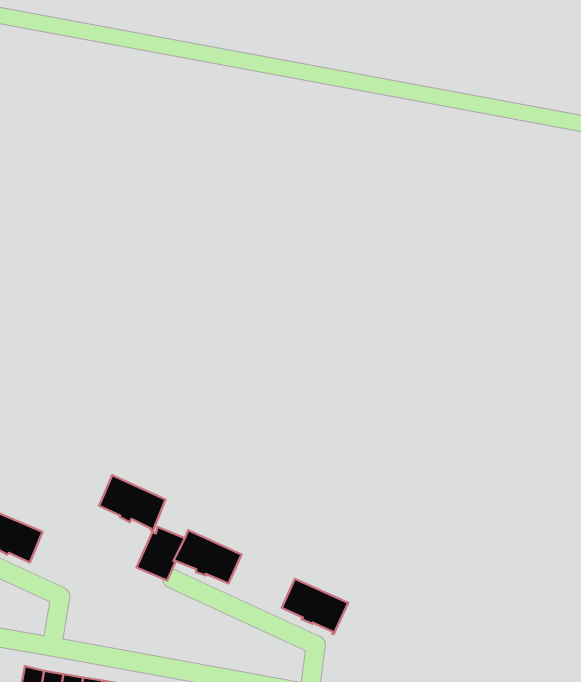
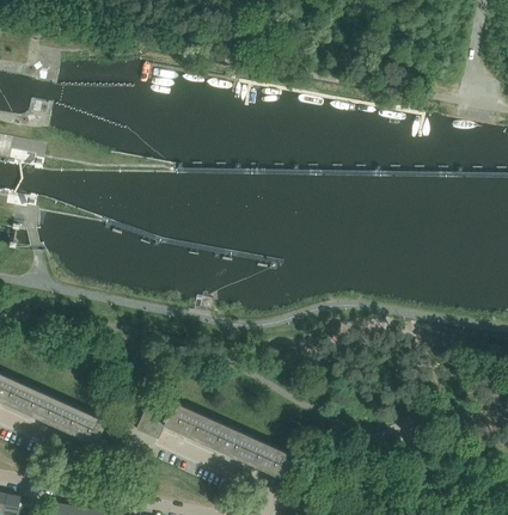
building: [99,475,166,532] -> [56,403,105,445]
building: none -> [203,419,252,459]

